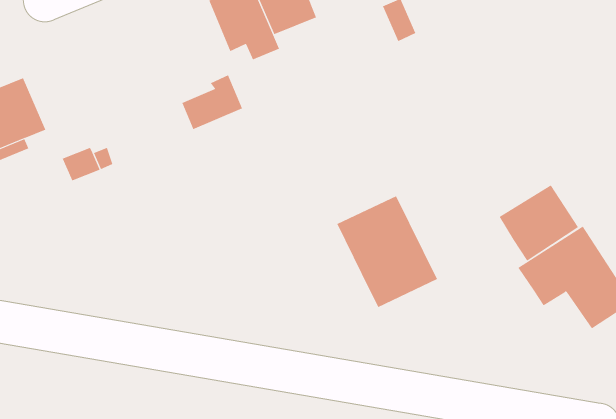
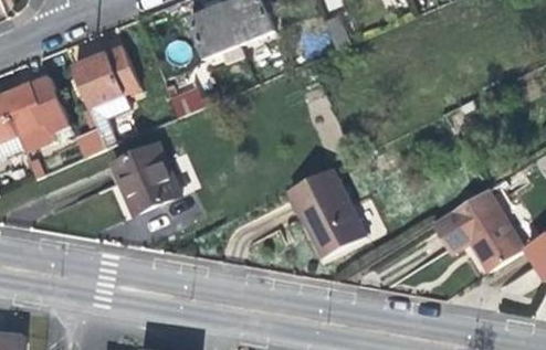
building: none -> [71,45,139,117]
building: none -> [112,144,180,214]
building: [499,185,579,262] -> none

